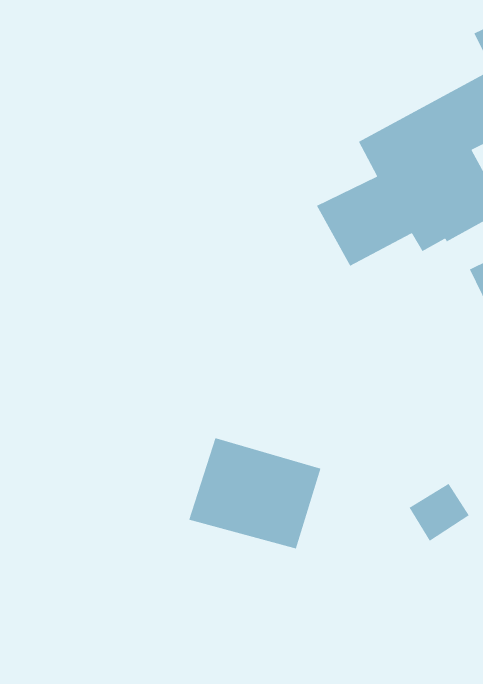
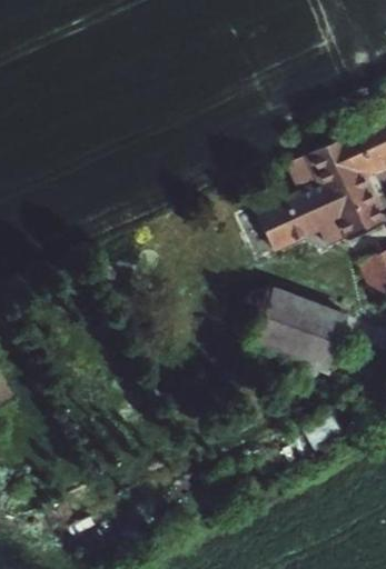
building: [188,437,322,550] -> [250,289,348,373]

